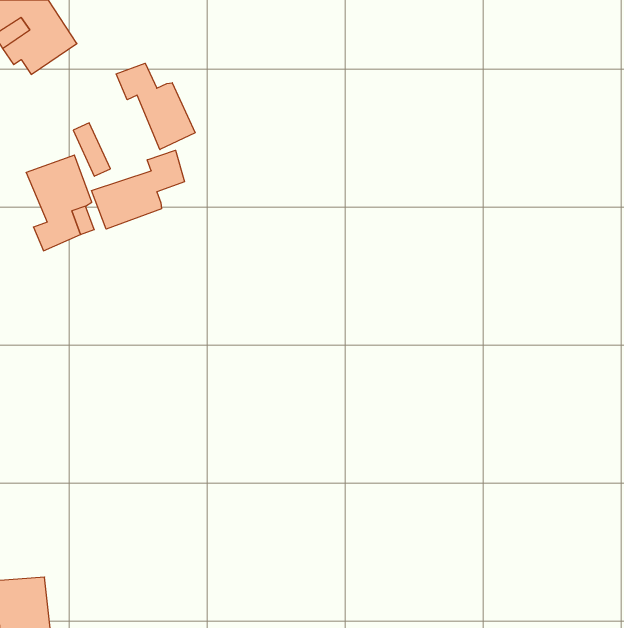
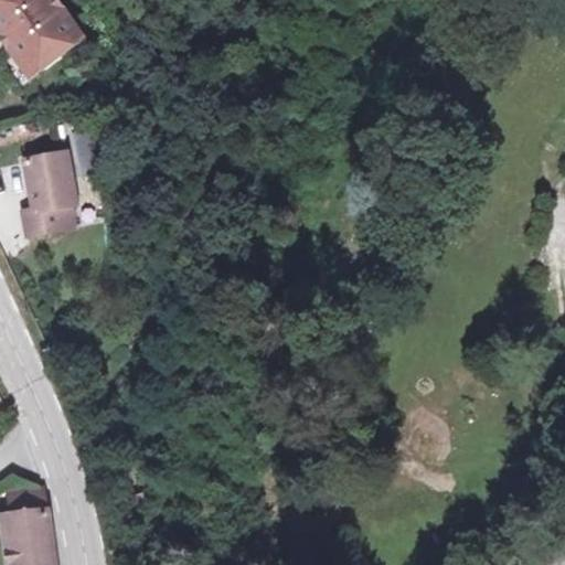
building: [116,63,195,150] -> none
building: [91,150,184,229] -> none

